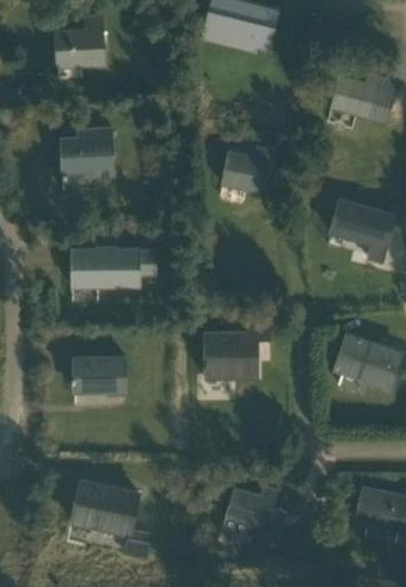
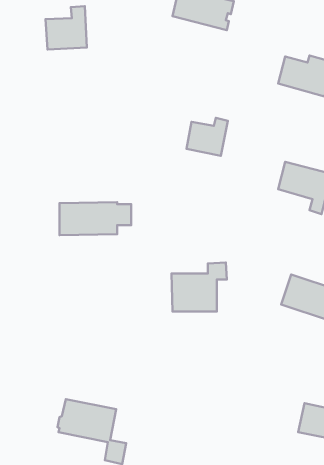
building: [61,129,113,178] -> none
building: [73,357,125,395] -> none
building: [223,486,285,546] -> none

